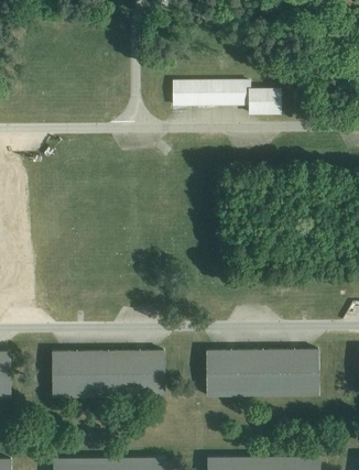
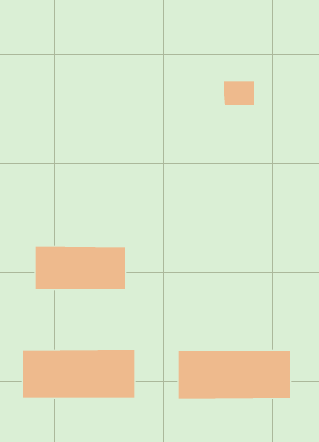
building: [172,79,249,101] -> none
building: none -> [35,246,126,290]

